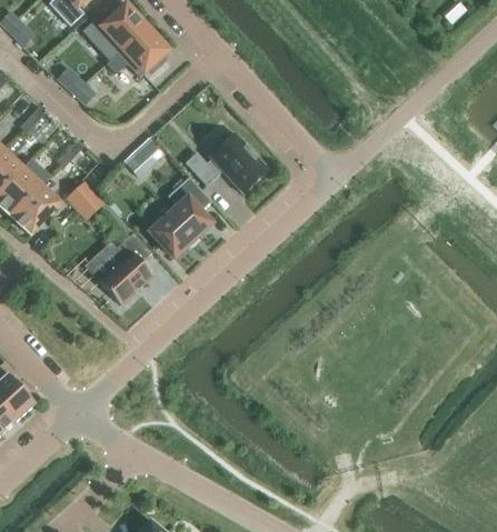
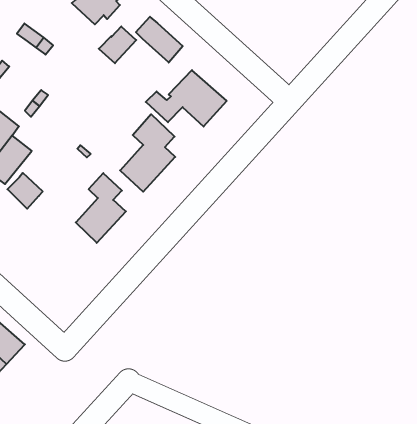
building: none -> [136,17,183,63]
building: [122,139,162,177] -> [99,26,136,63]
building: [66,181,102,219] -> [7,173,43,209]

